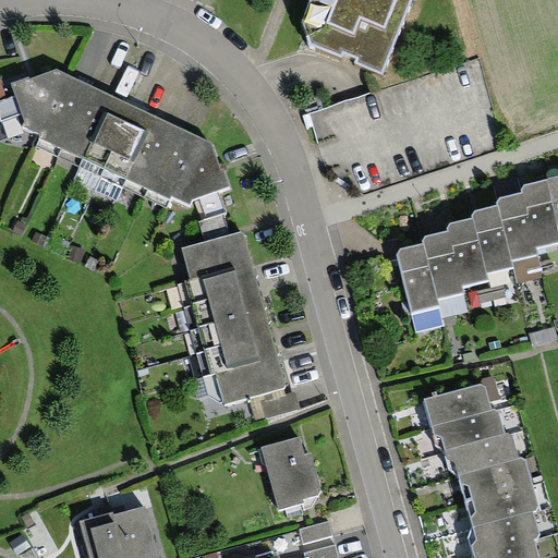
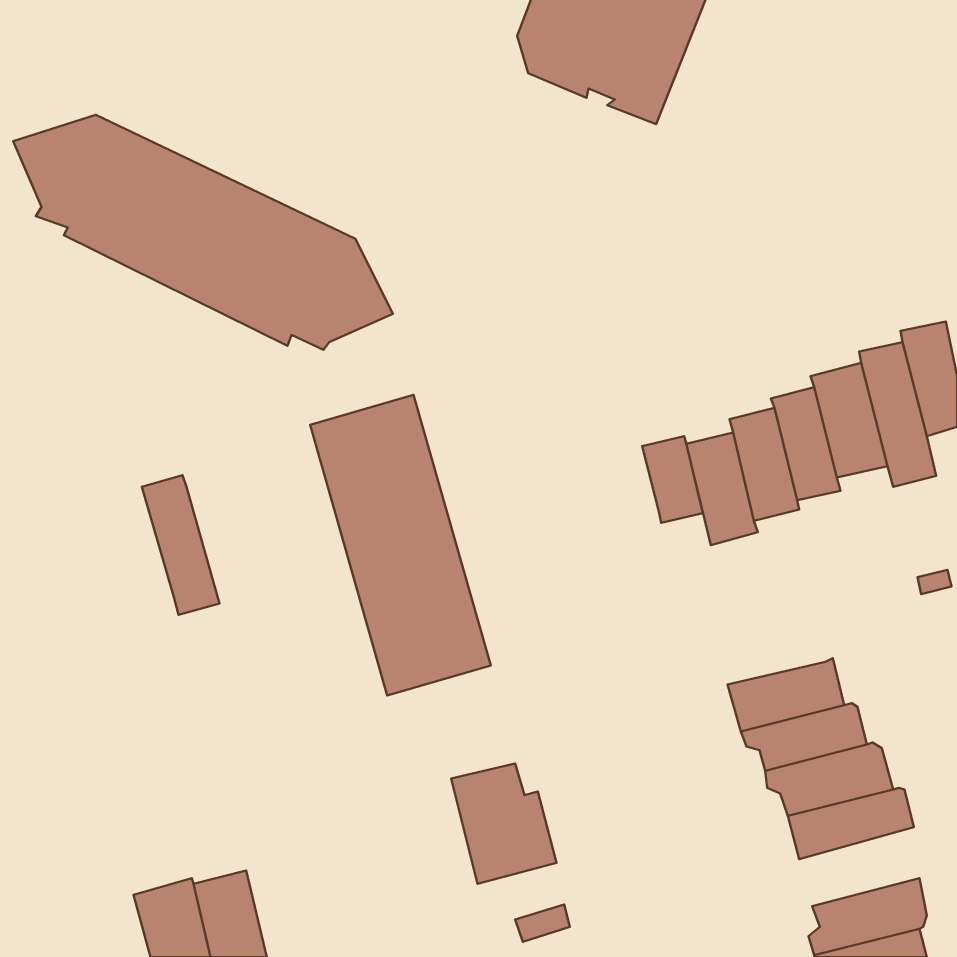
building: none -> [642,436,703,523]
building: none -> [142,475,220,615]
building: [463,480,537,525] -> none

